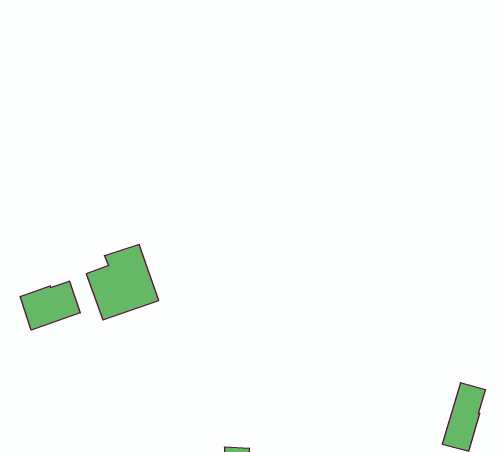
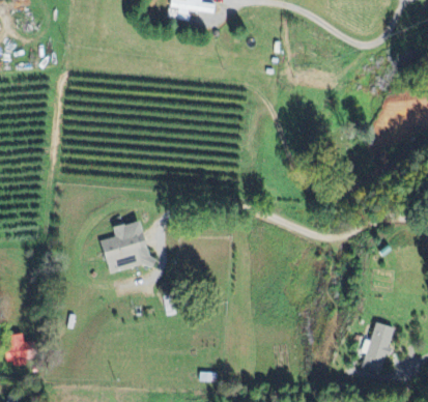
building: [20,281,80,330] -> none

